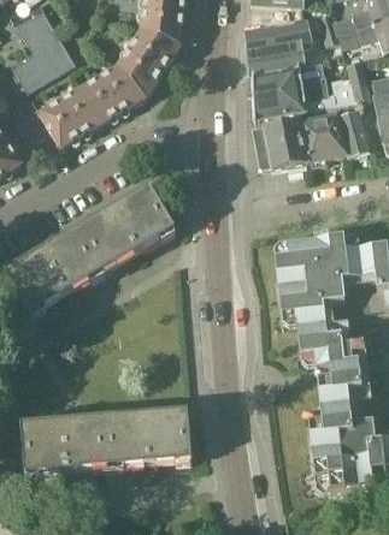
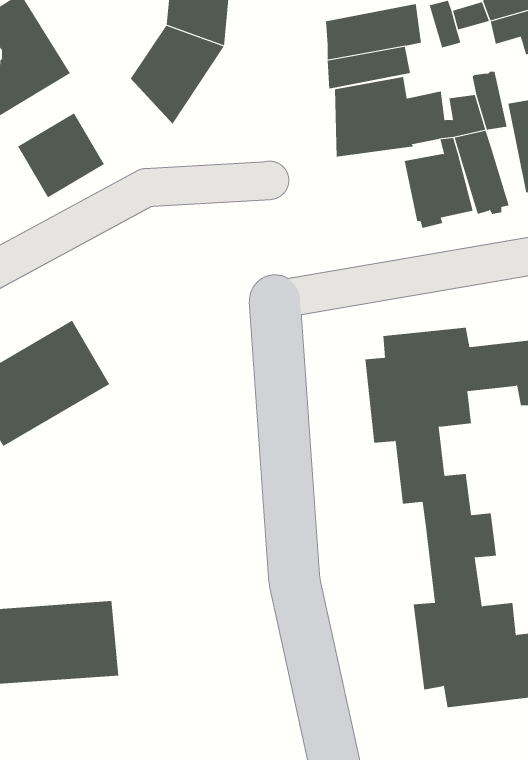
building: [79,65,146,123] -> none
building: [254,119,310,168] -> none
building: [78,185,176,271] -> none
building: [105,409,193,466] -> none

